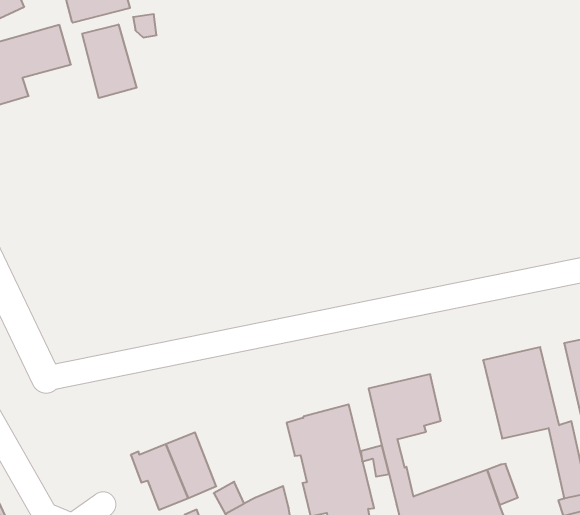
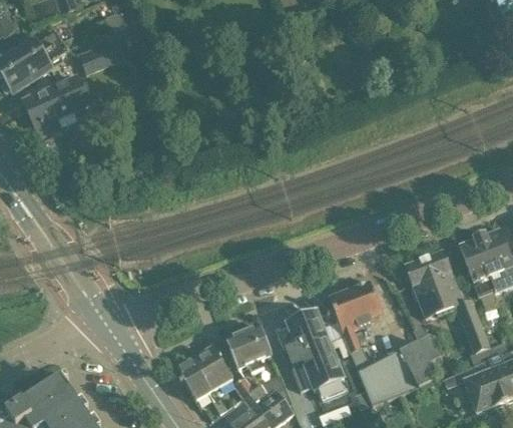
building: [82,24,137,98] -> none
building: none -> [226,325,272,372]

